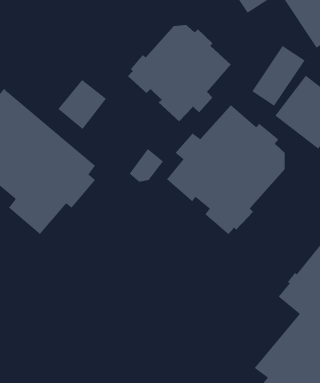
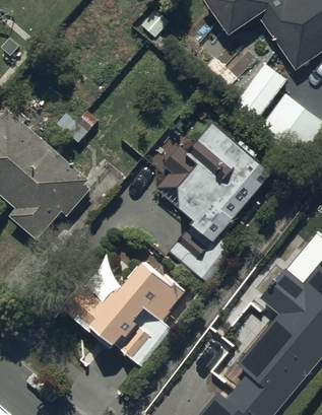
building: [127,24,232,122] -> none
building: none -> [60,255,186,370]

